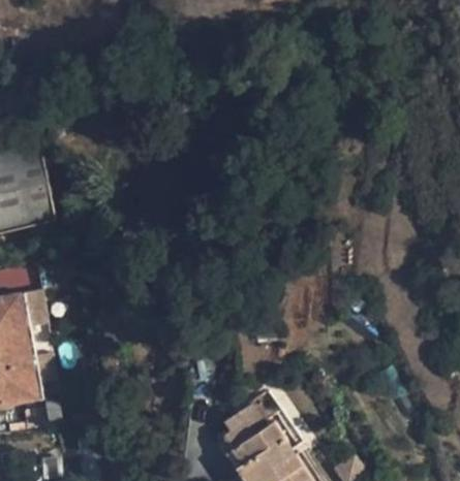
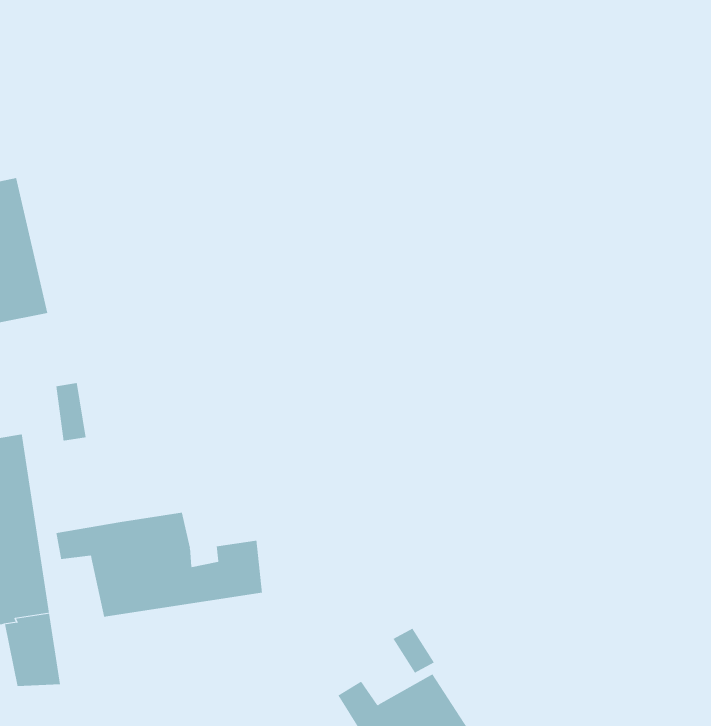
building: none -> [56,512,263,618]

